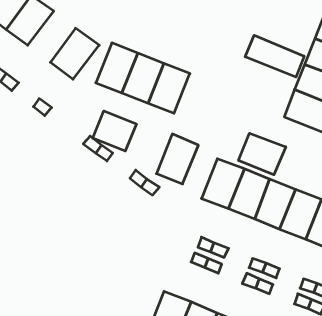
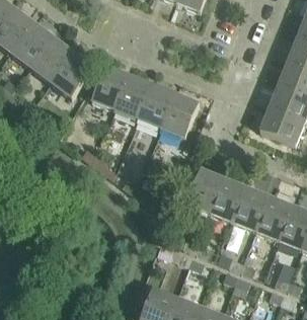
building: none -> [30,36,73,82]
building: [245,35,304,77] -> none
building: [93,111,136,151] -> none
building: [239,133,286,175] -> none
building: [156,134,198,184] -> [161,92,199,137]

